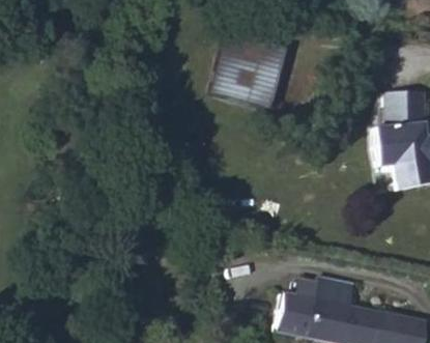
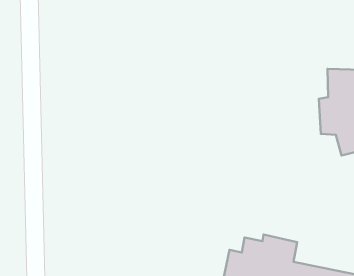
building: [207,35,282,110] -> none

